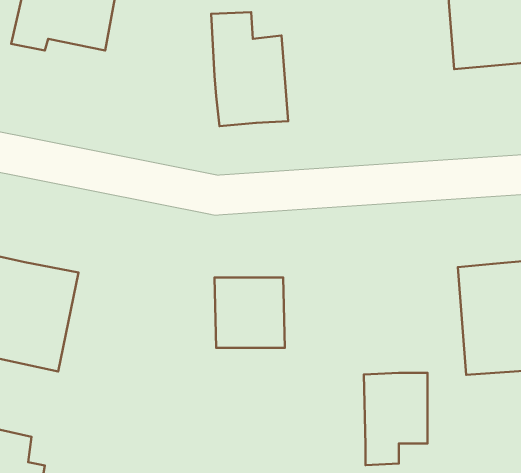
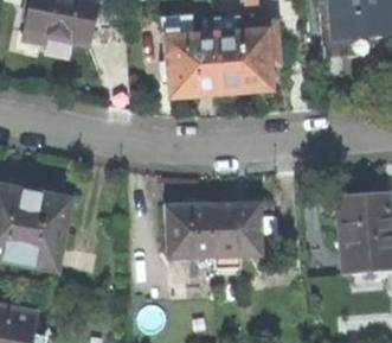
building: none -> [212,17,278,95]
building: [364,373,427,465] -> [214,202,259,267]

